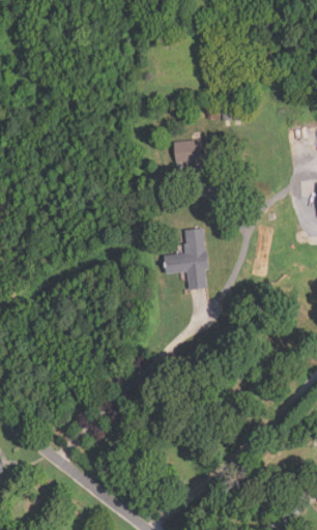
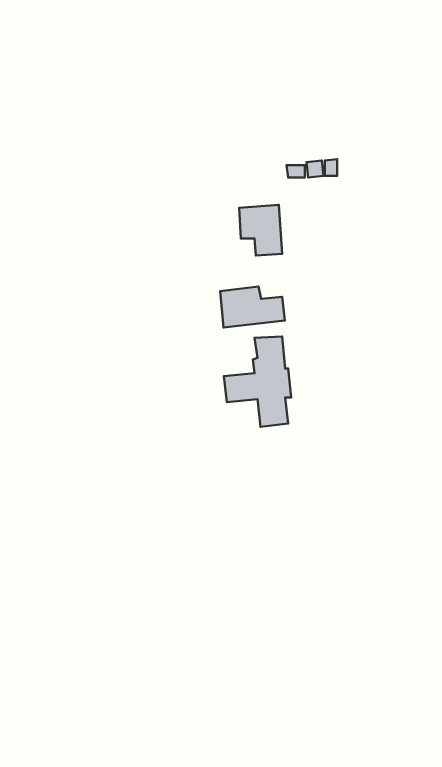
building: none -> [220,286,285,327]

